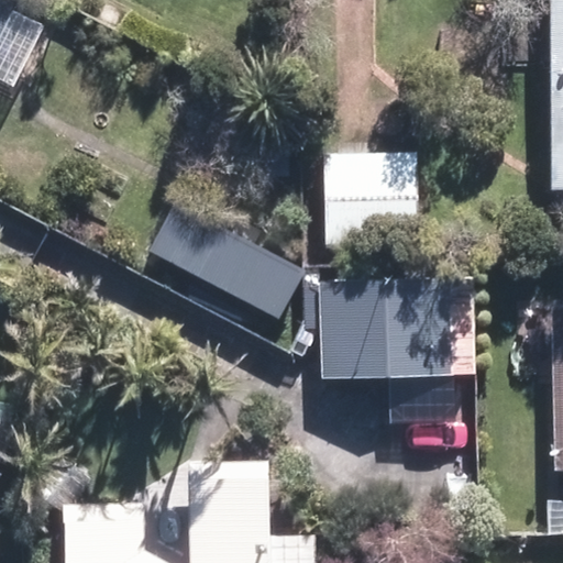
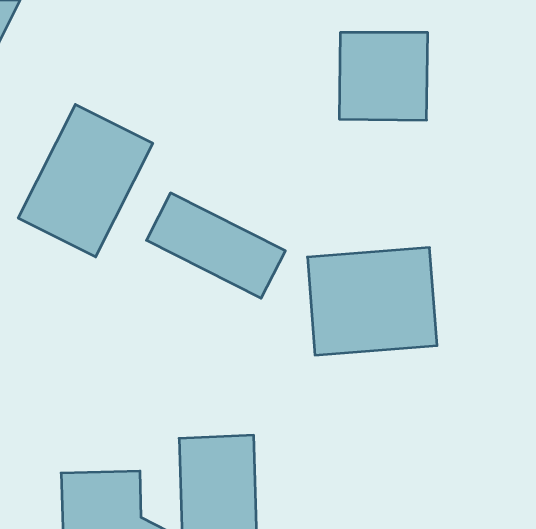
building: none -> [18,104,153,257]
building: [325,156,418,247] -> [339,33,428,120]

